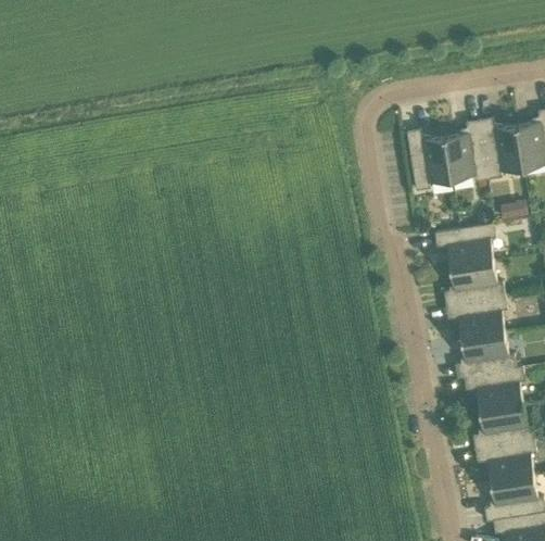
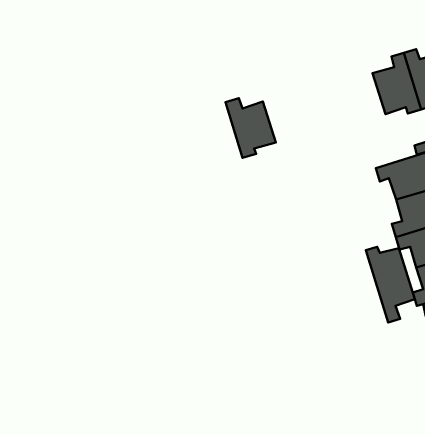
building: [406,130,452,191] -> [225,98,276,158]
building: none -> [366,247,415,323]

